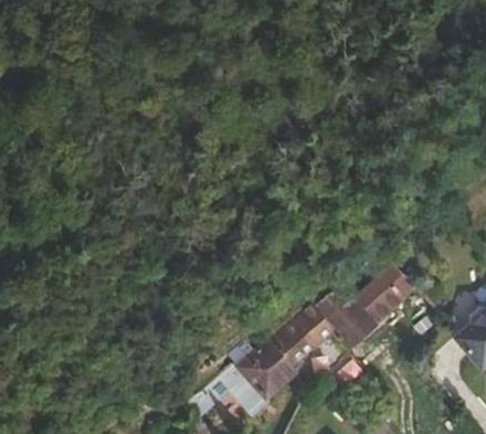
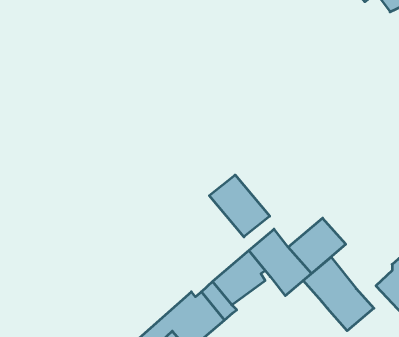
building: none -> [209,175,270,237]
building: none -> [303,257,374,331]

